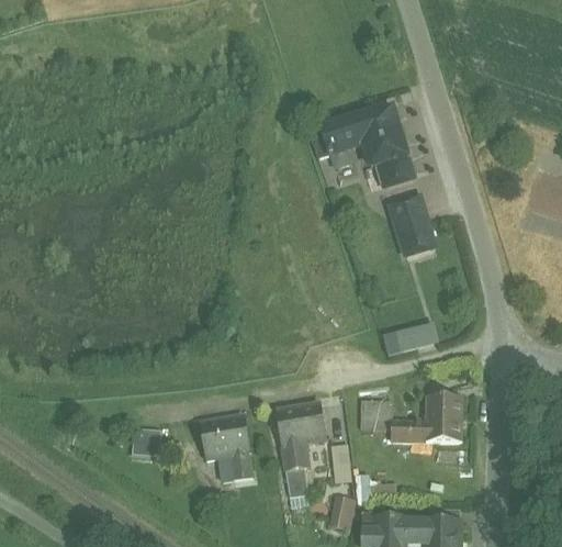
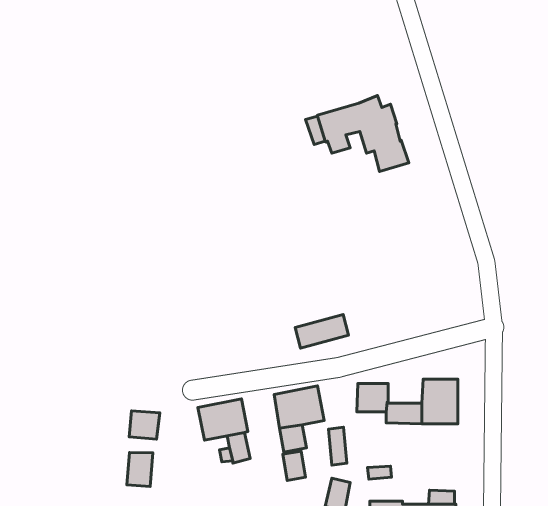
building: [390,198,434,255] -> none
building: [384,321,438,355] -> [295,314,348,348]
building: none -> [127,452,153,486]

